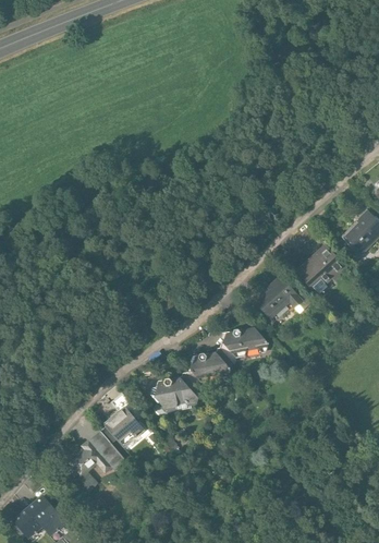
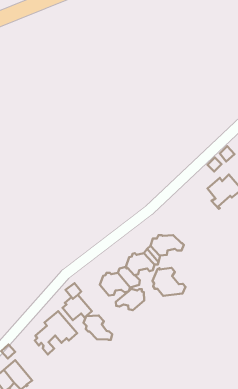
building: [255,275,302,317] -> none
building: none -> [153,268,185,296]
building: none -> [116,289,144,310]
building: none -> [83,316,112,340]

